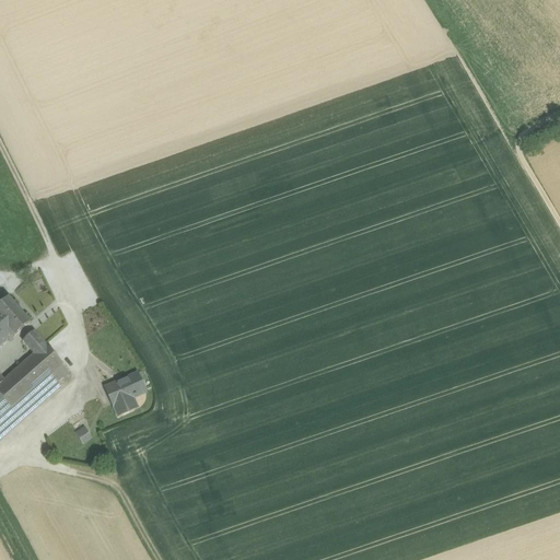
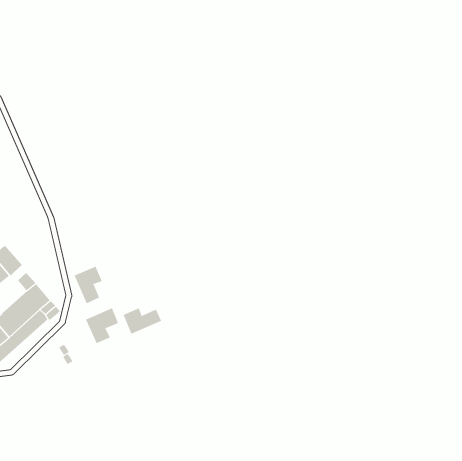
building: none -> [74,266,103,304]
building: none -> [123,308,162,334]

